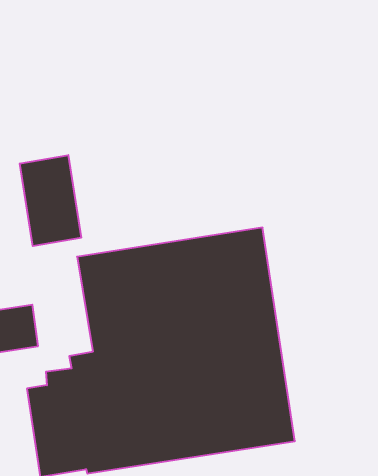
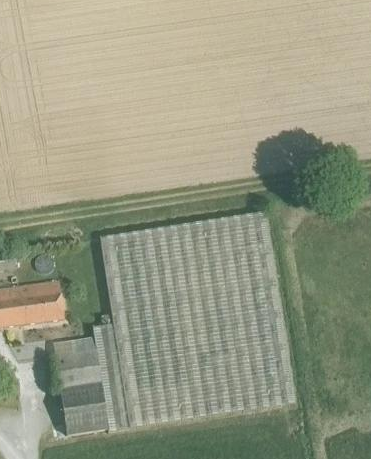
building: [20,155,81,246] -> none

